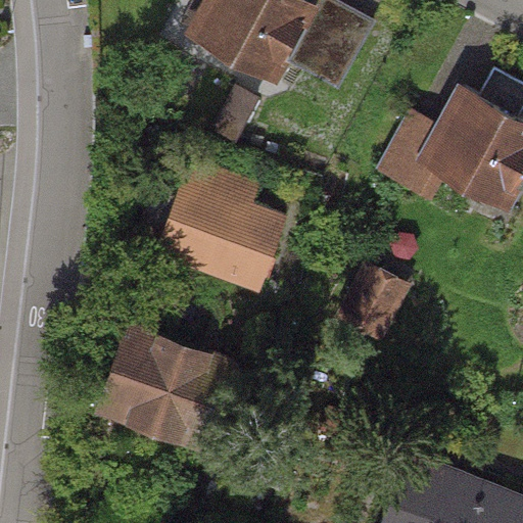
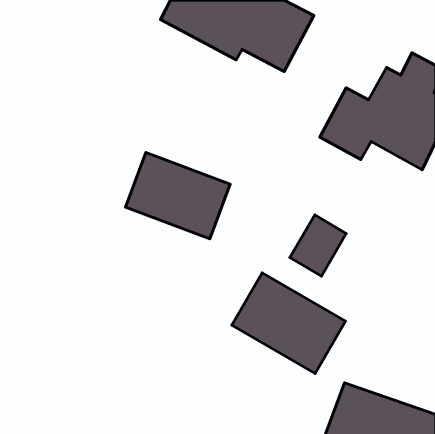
building: [84,325,229,449] -> none
building: none -> [232,273,346,373]

